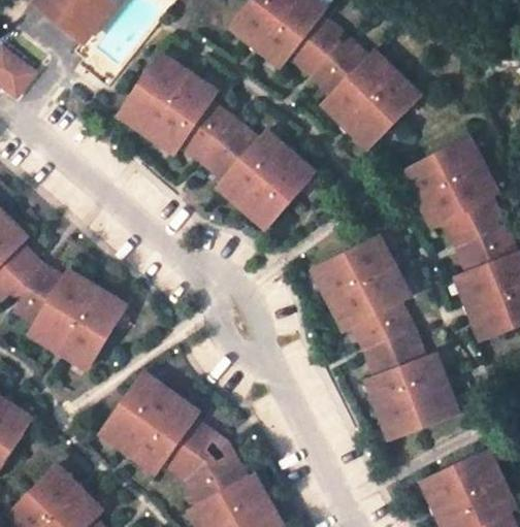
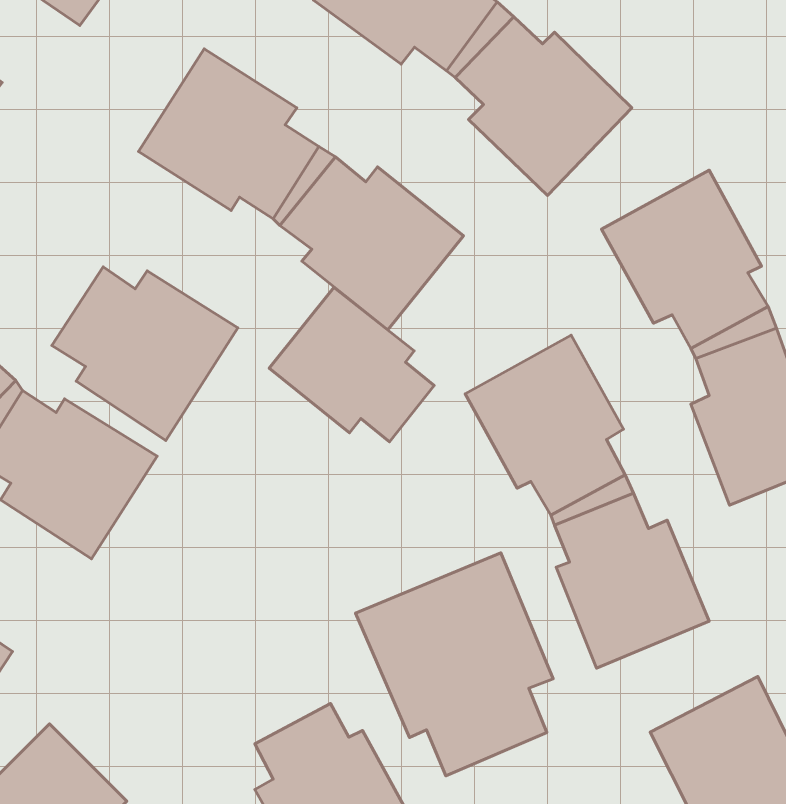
building: none -> [52,267,238,441]
building: none -> [269,288,434,442]
building: none -> [355,553,553,776]
building: [100,374,212,477] -> none

